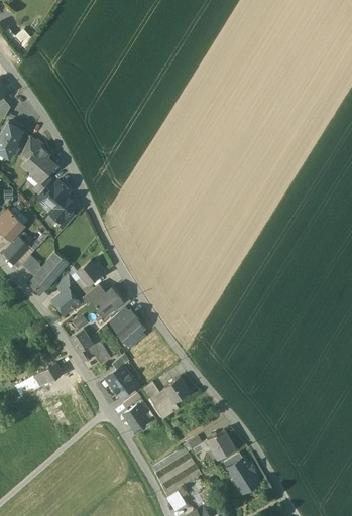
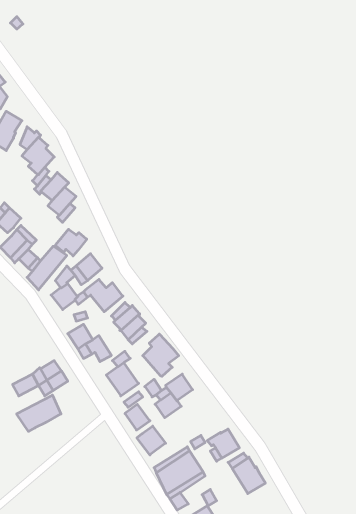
building: none -> [56,229,87,256]
building: none -> [143,334,179,376]
building: none -> [17,395,61,431]
building: none -> [137,426,166,455]

